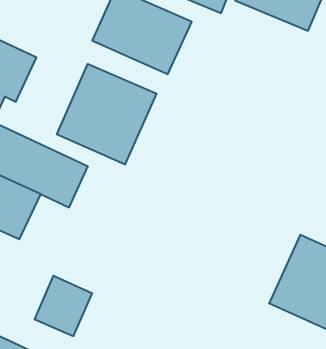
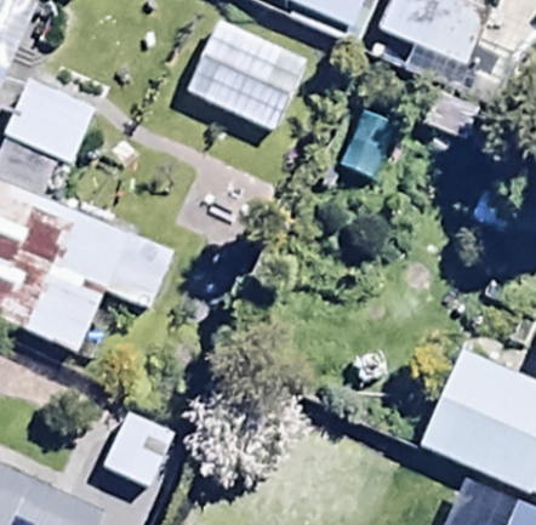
building: [57,64,156,165] -> none

